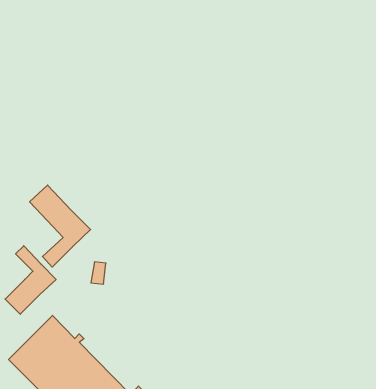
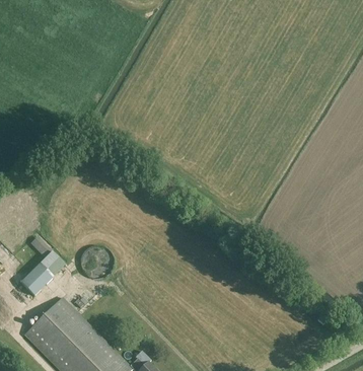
building: [30,185,91,267] -> none

